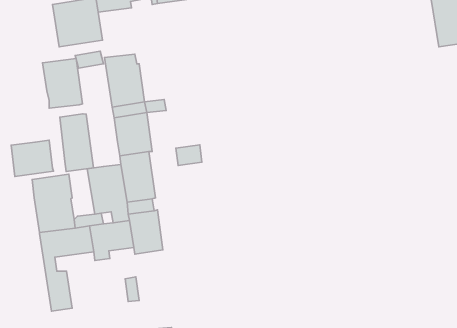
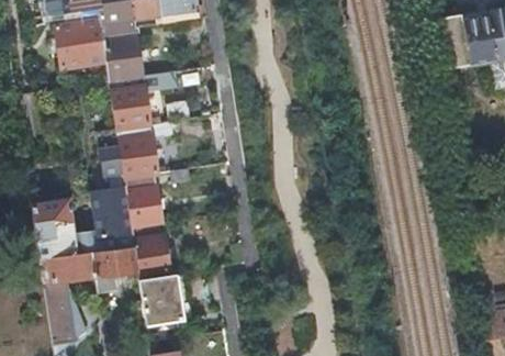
building: [43,58,83,108] -> [102,29,143,79]
building: [60,114,94,171] -> none
building: [11,140,53,176] -> none
building: none -> [139,277,183,342]

